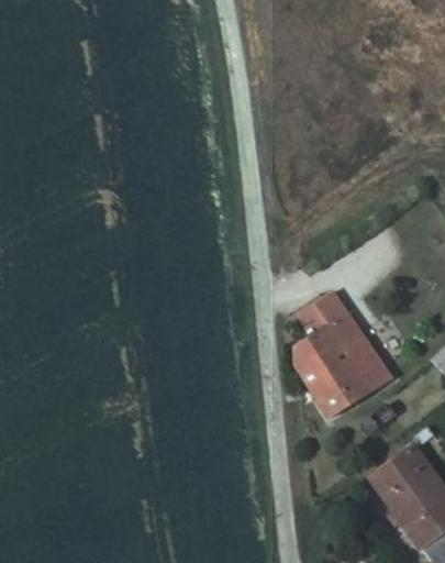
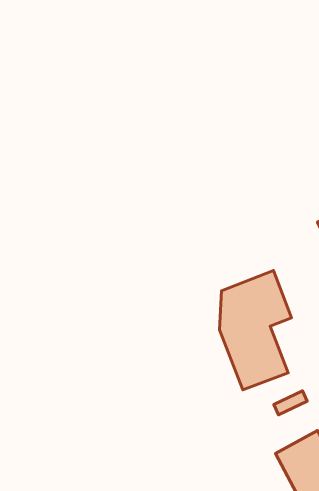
building: [344,335,391,393] -> none

